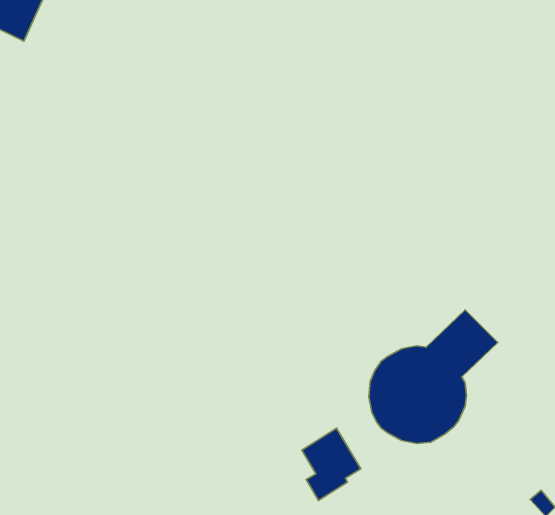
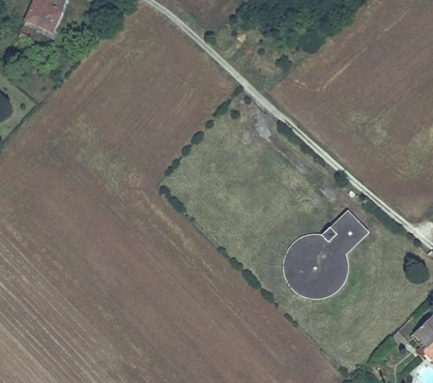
building: [302,428,361,500] -> none

